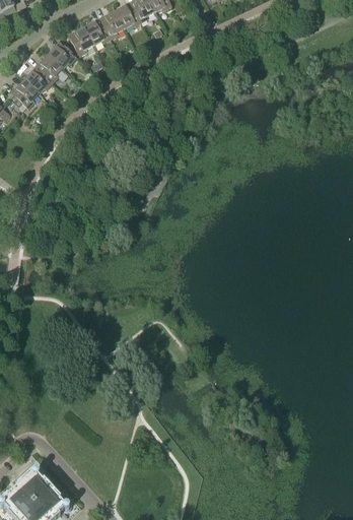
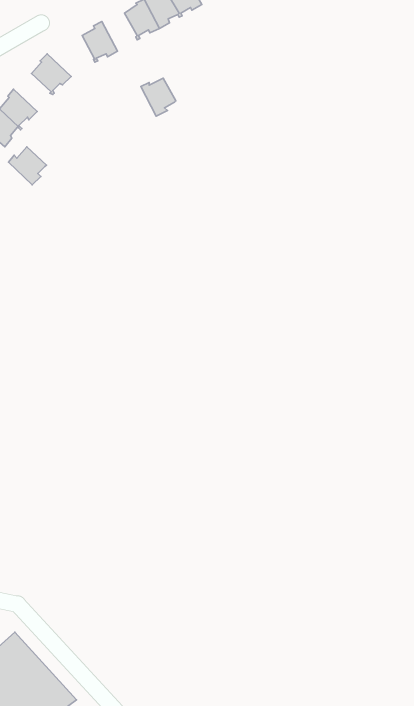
building: [98,11,124,39] -> [141,78,176,116]
building: [68,27,93,55] -> none
building: [34,55,62,82] -> [8,147,46,185]

